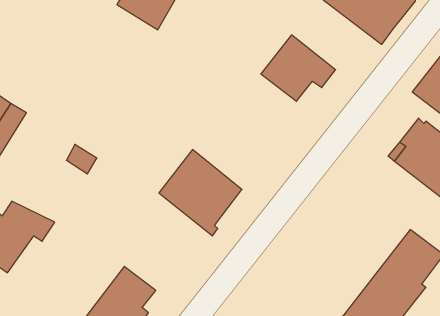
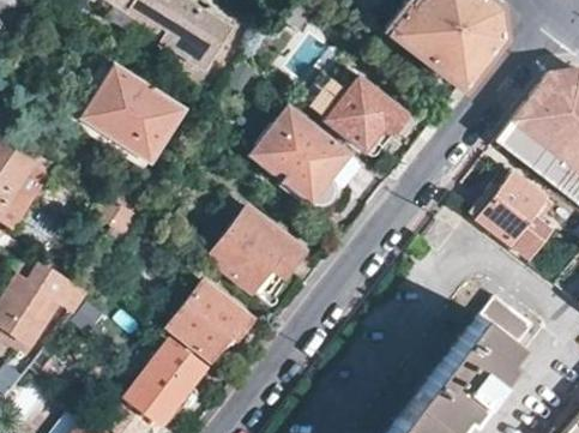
building: none -> [82,65,176,157]
building: none -> [253,107,363,214]
building: none -> [169,281,254,360]

